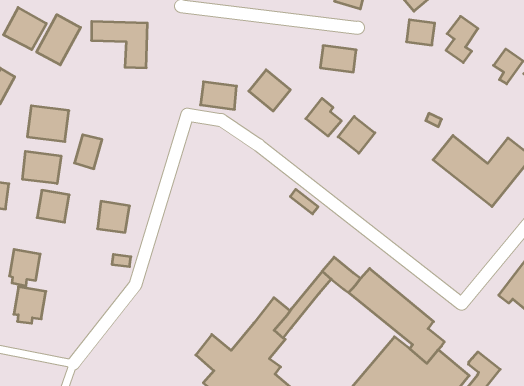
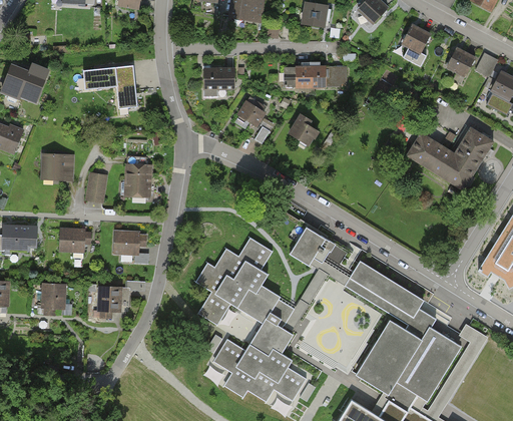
building: [37,15,81,65] -> none
building: [406,20,435,45] -> [324,67,347,87]
building: [200,82,237,109] -> [202,68,233,89]
building: [338,116,375,153] -> none
building: none -> [124,164,151,200]
building: [23,151,61,184] -> none
building: none -> [291,222,335,271]
building: none -> [198,238,281,323]
building: [14,287,46,323] -> [96,286,122,317]

